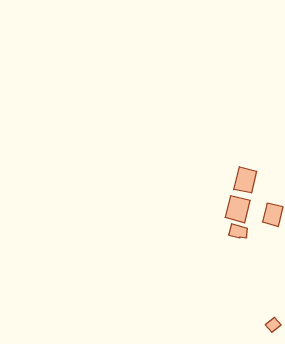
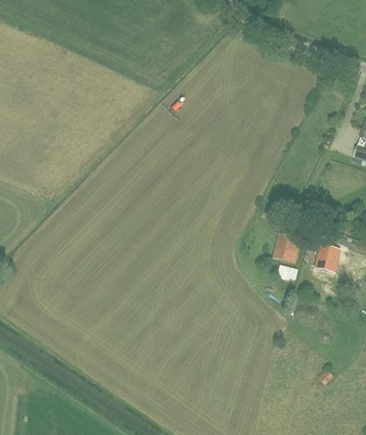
building: [234,167,257,193] -> none

